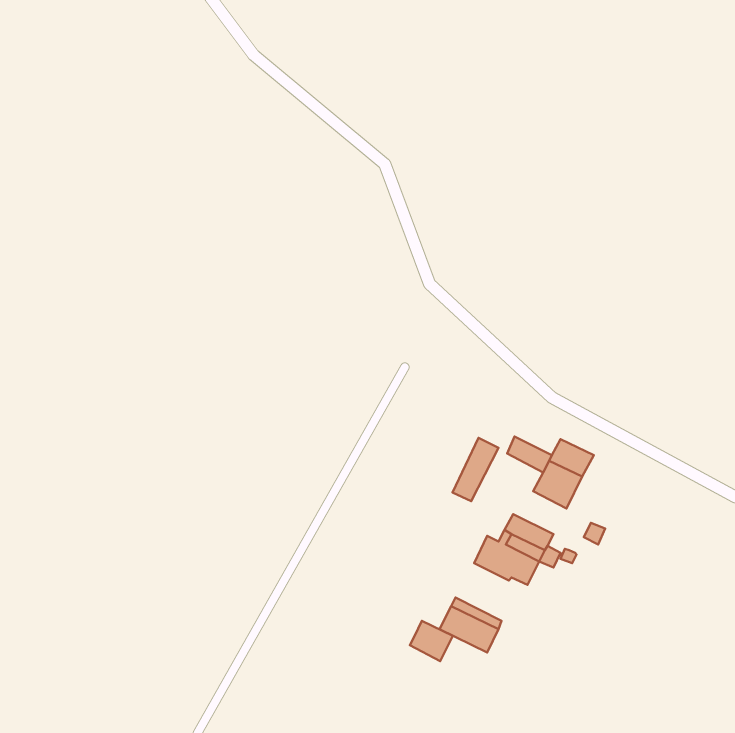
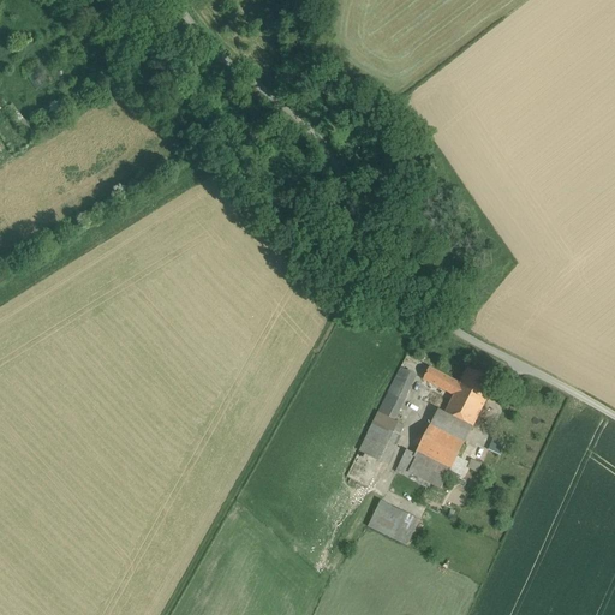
building: none -> [428,407,472,446]
building: none -> [358,411,402,462]
building: [410,621,453,661] -> none

